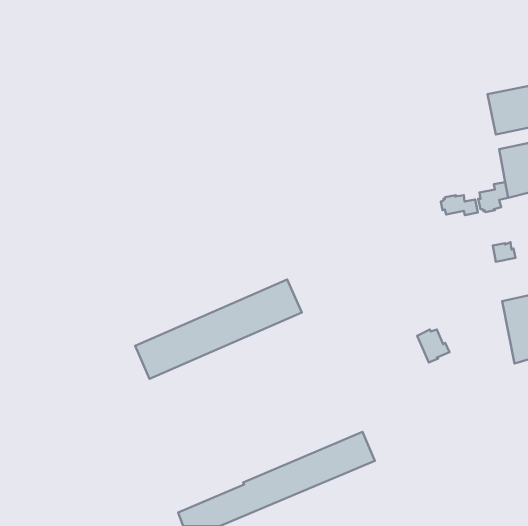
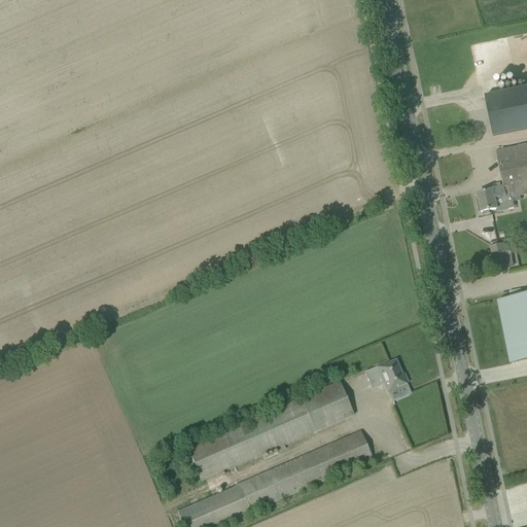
building: [441,195,478,215] -> none
building: [135,279,302,379] -> [188,380,354,479]
building: [417,330,449,363] -> [377,358,409,391]

